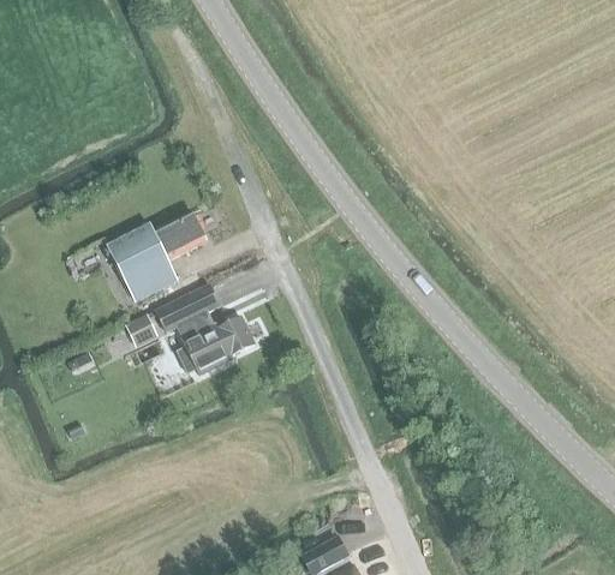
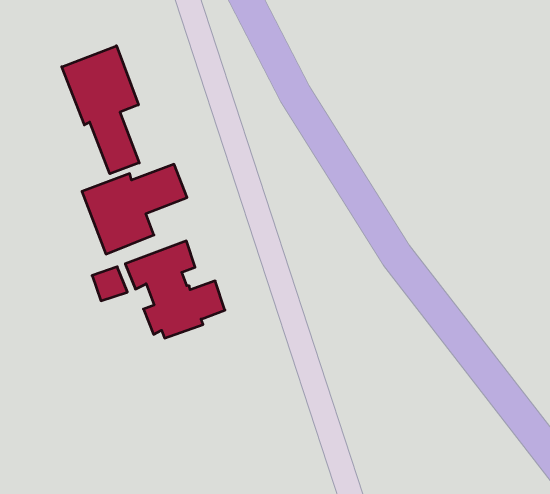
building: none -> [62,46,139,174]

